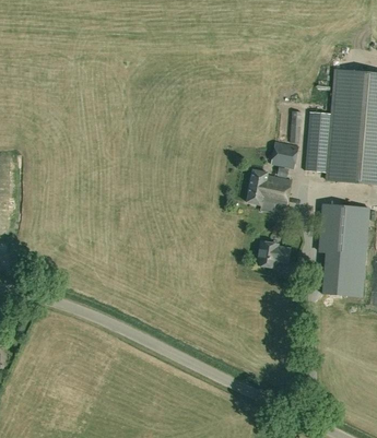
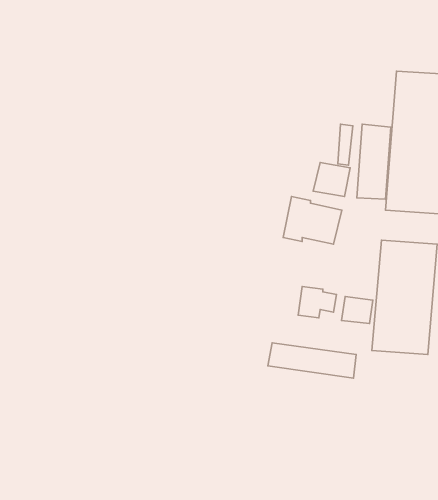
building: none -> [341,296,373,323]
building: none -> [268,343,356,378]

